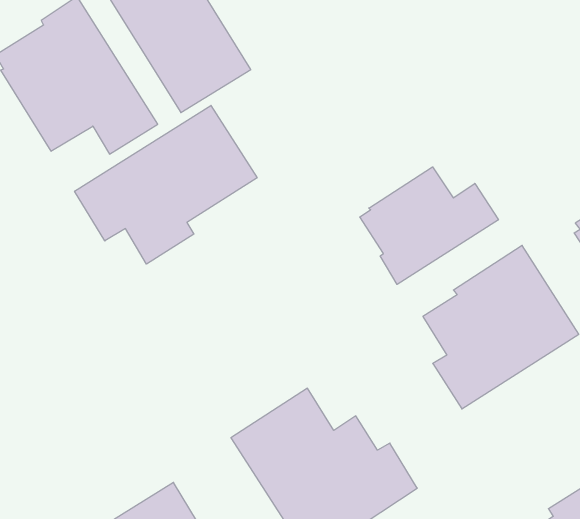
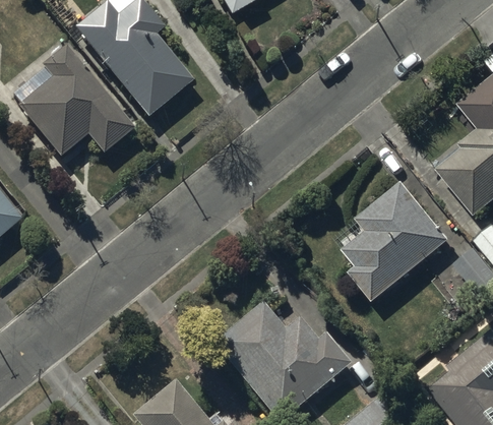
building: [75,105,257,264] -> none
building: [360,167,498,284] -> none

